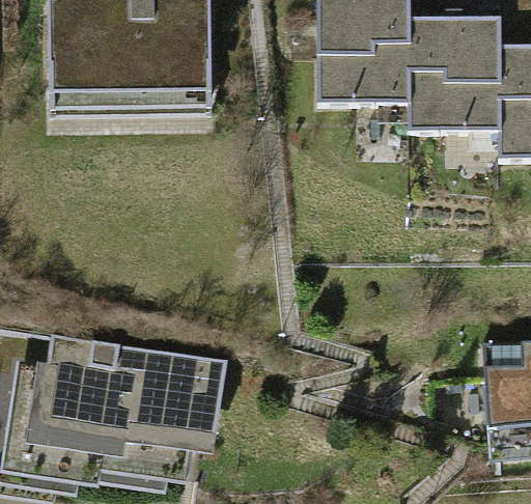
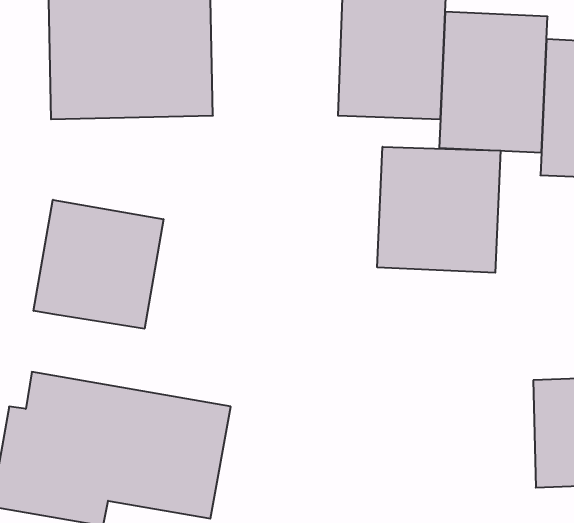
building: none -> [377,147,501,273]
building: none -> [34,200,163,329]

